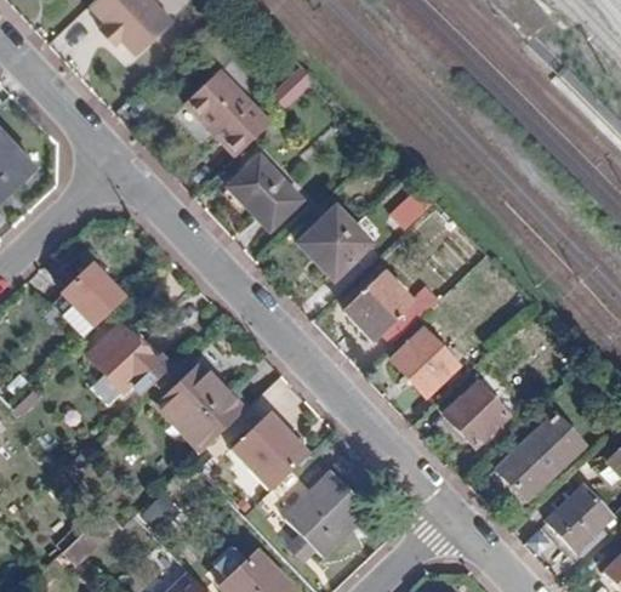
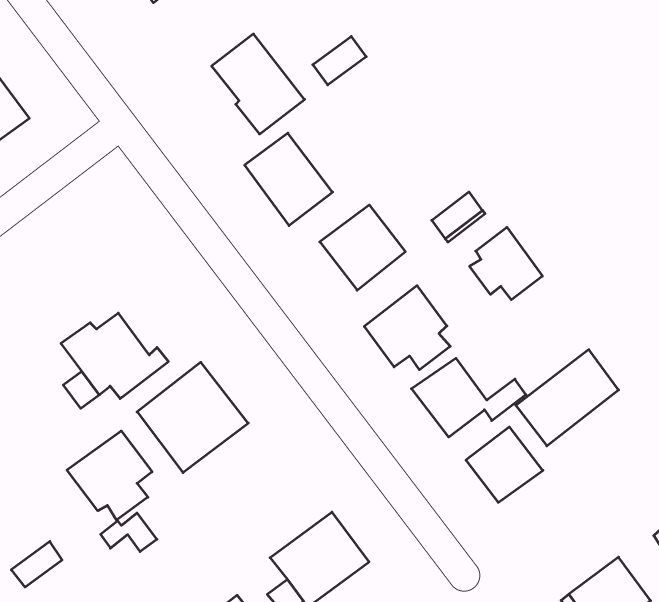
building: none -> [470,227,542,300]
building: [63,266,123,326] -> none
building: [495,411,581,497] -> [516,350,619,446]
building: [233,412,309,489] -> none
building: none -> [67,431,152,520]

